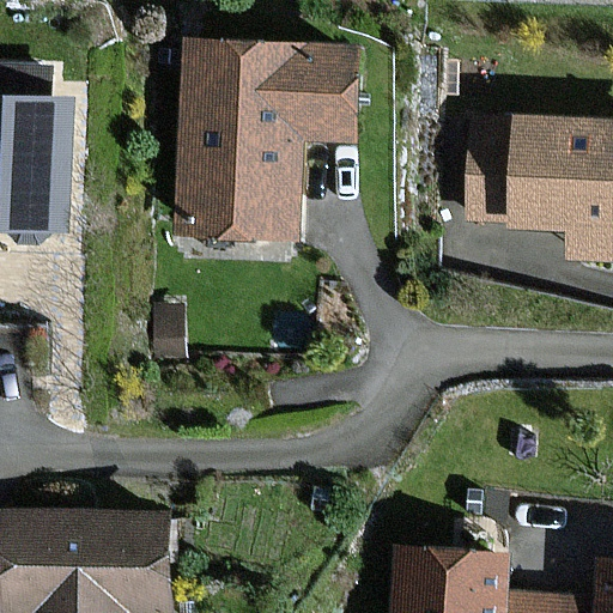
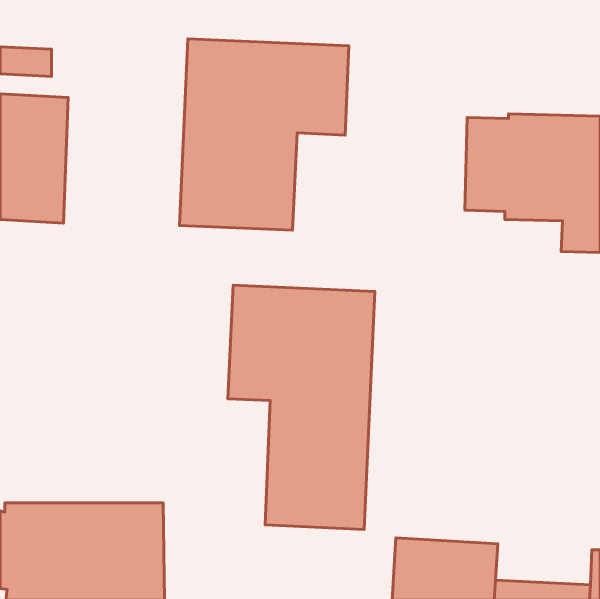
building: none -> [228,285,375,529]

